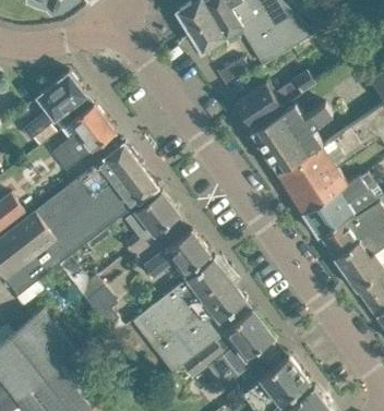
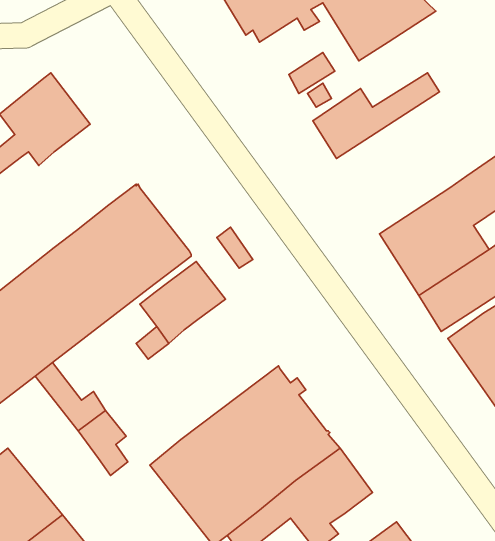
building: [250,102,332,174] -> none
building: [51,105,116,172] -> none
building: [142,231,211,279] -> none

